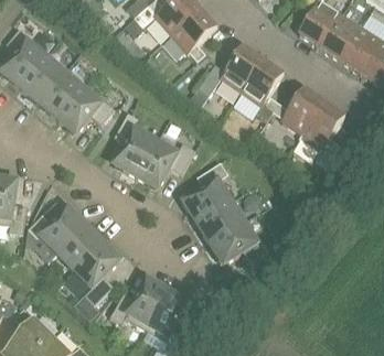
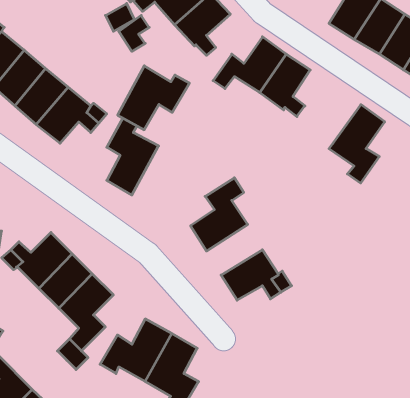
building: [270,86,323,132] -> none
building: [134,134,193,187] -> [118,66,189,130]
building: [195,199,242,241] -> none

